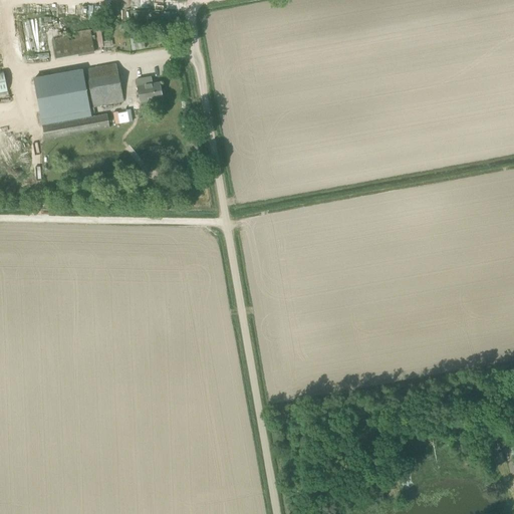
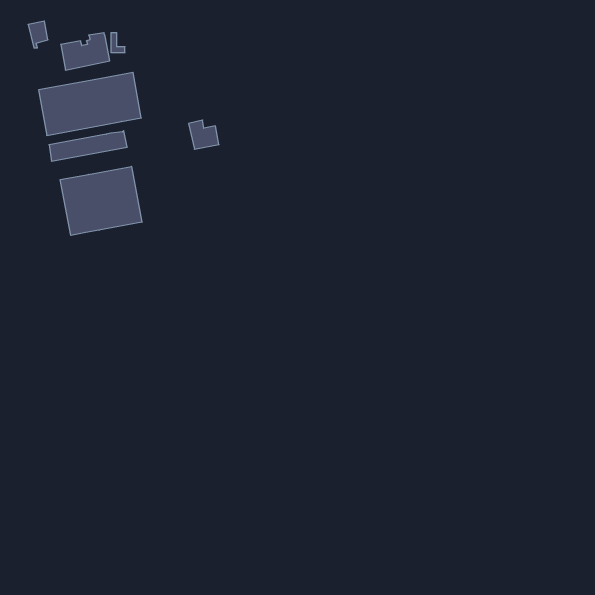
building: [137,76,163,101] -> [189,120,219,149]
building: none -> [60,166,142,235]

